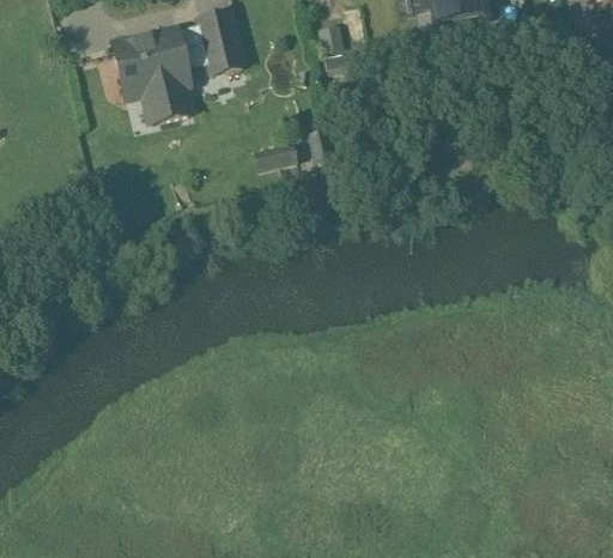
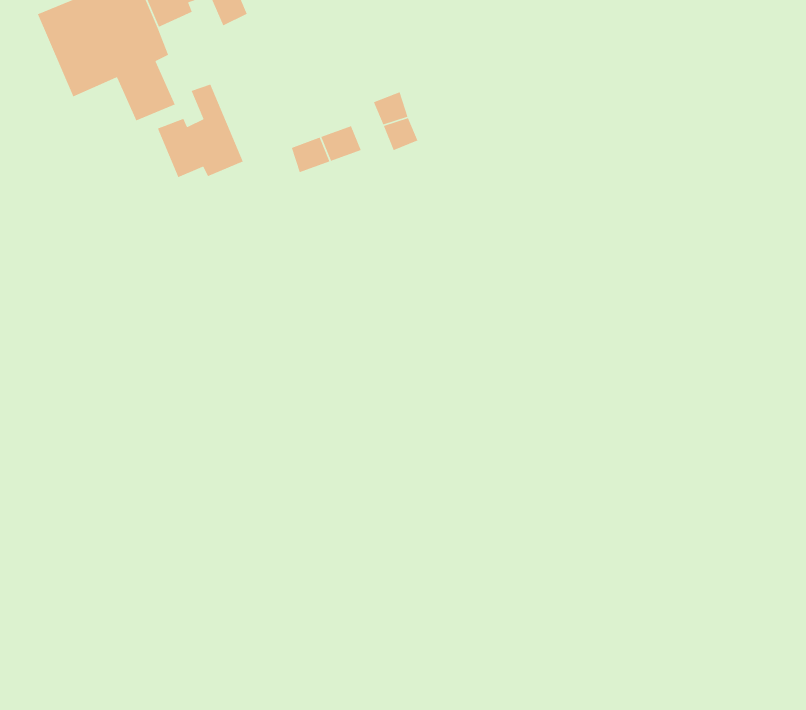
building: none -> [157,83,244,178]

